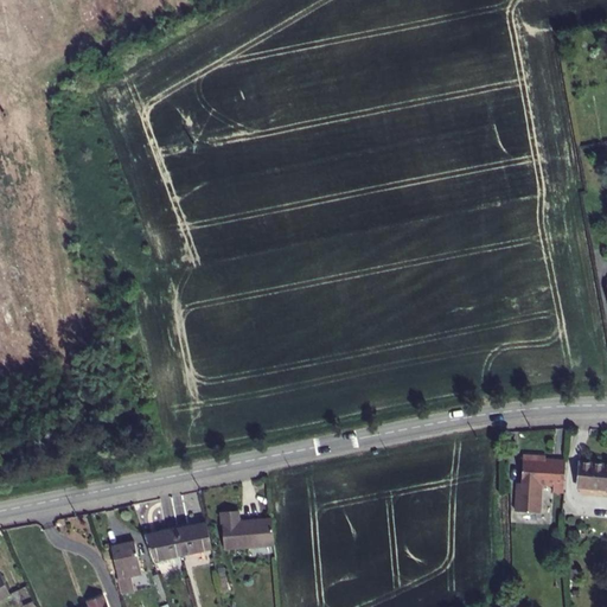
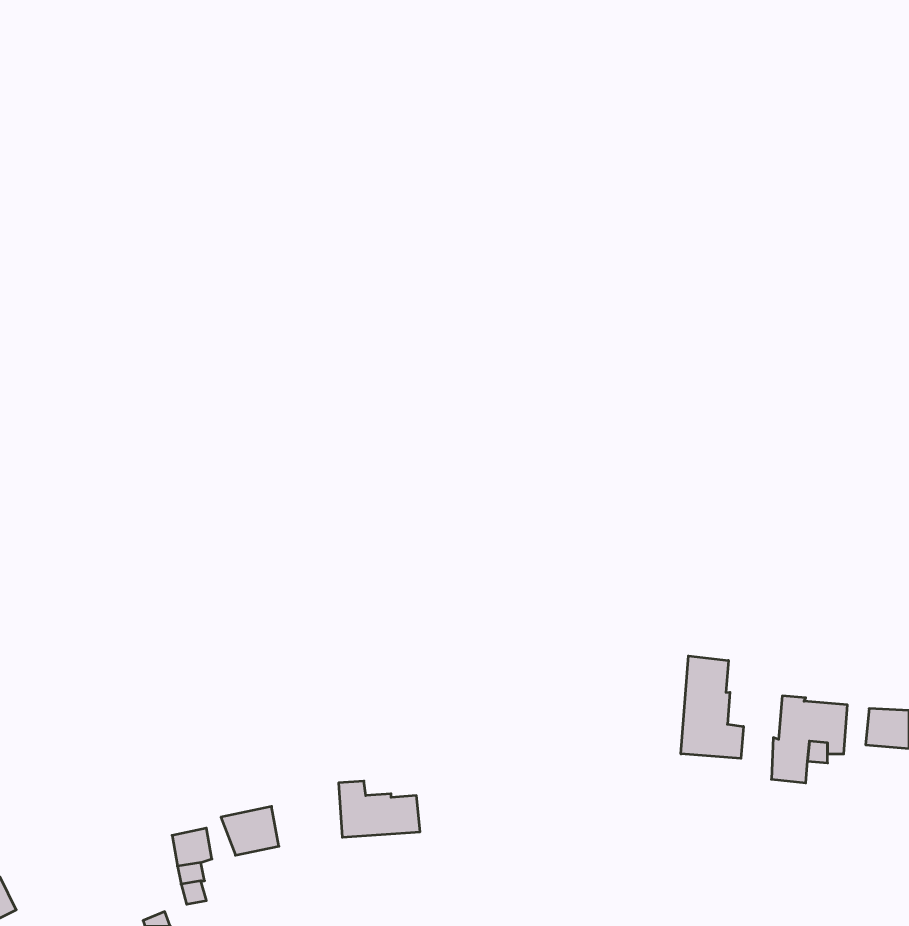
building: none -> [681,656,743,758]
building: [178,523,212,554] -> none

